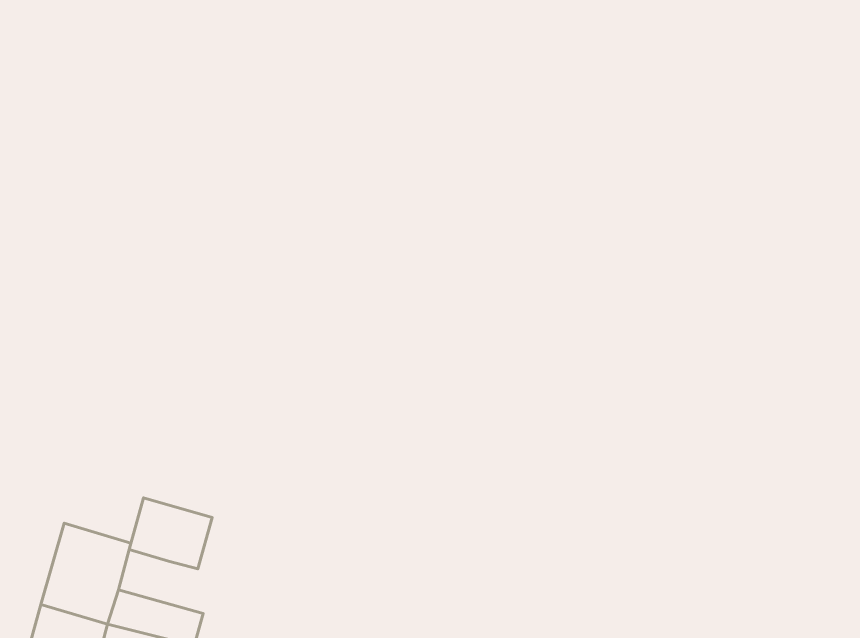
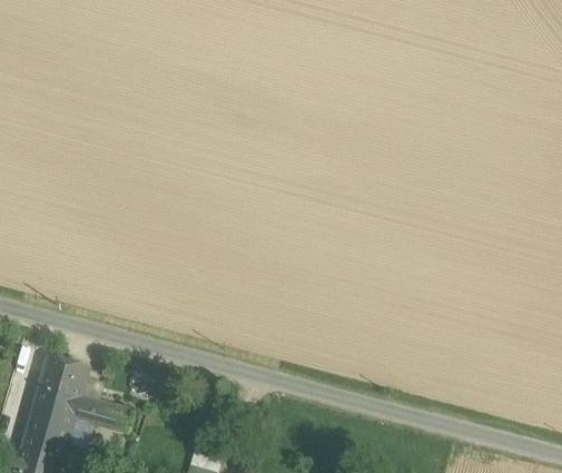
building: [129,498,212,569] -> none

